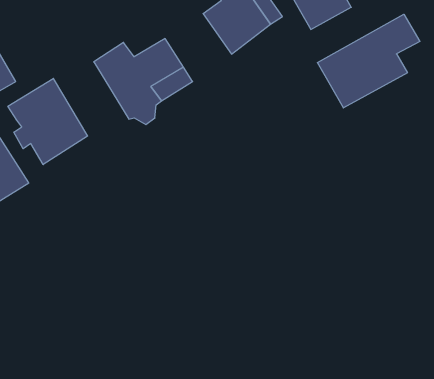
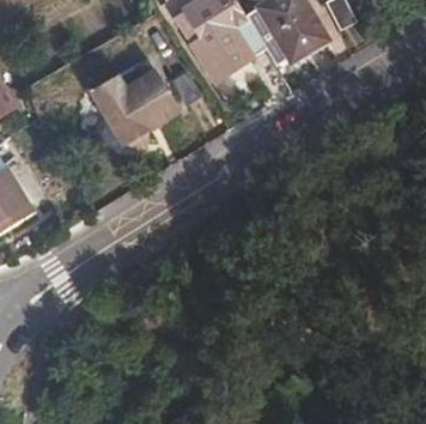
building: [317,14,420,108] -> none
building: [8,78,88,165] -> none

